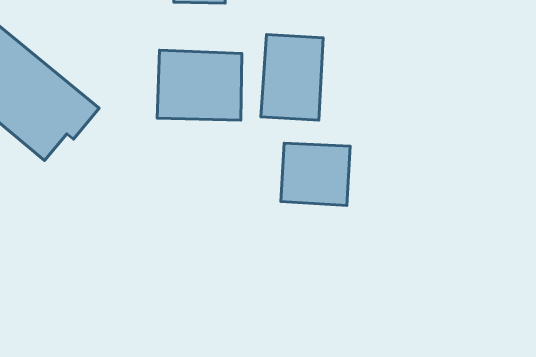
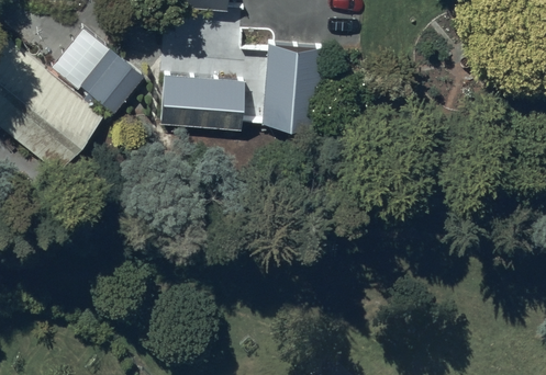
building: none -> [54,31,143,113]
building: [281,143,350,206] -> none

